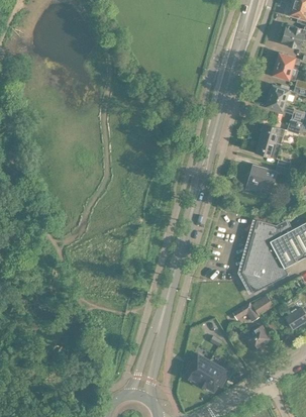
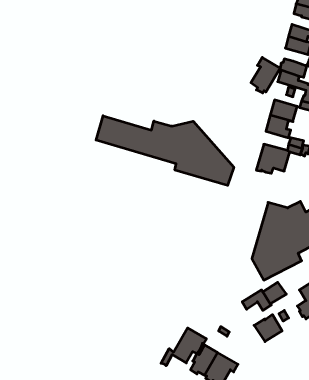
building: none -> [251,57,280,93]
building: none -> [96,116,234,185]
building: none -> [161,328,206,366]

